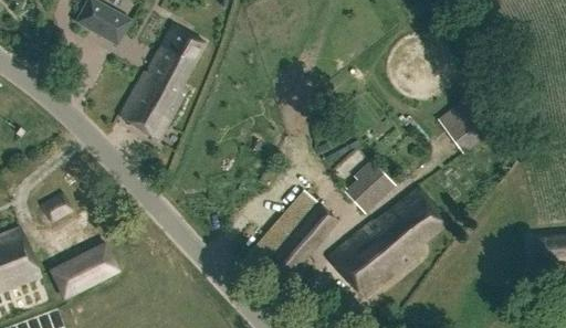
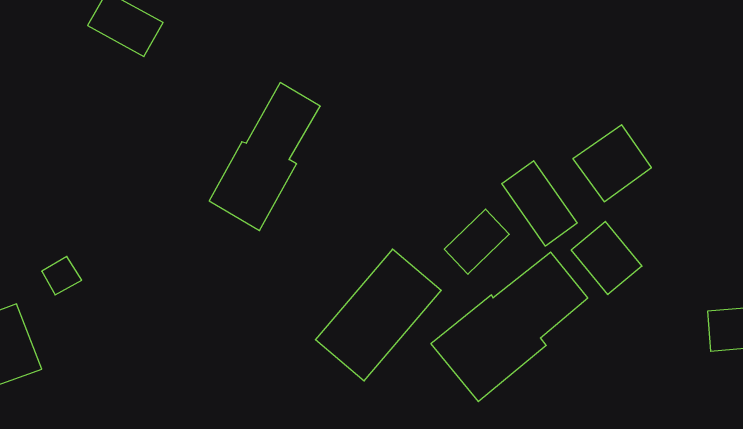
building: [122,30,205,140] -> [209,83,320,231]
building: none -> [502,161,577,246]
building: none -> [571,221,642,295]
building: [49,243,116,297] -> none

